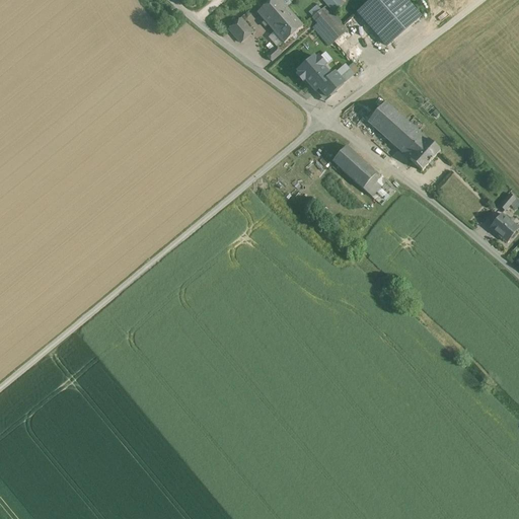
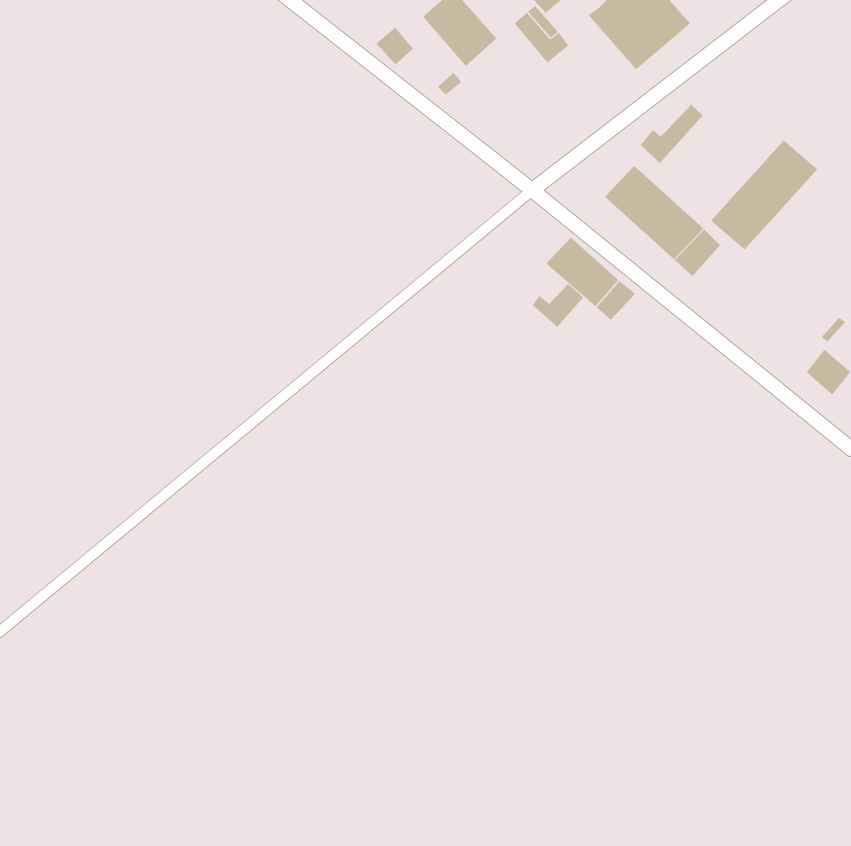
building: [297,55,343,93] -> none
building: none -> [640,104,703,164]
building: none -> [710,140,818,250]
building: none -> [532,283,584,328]

